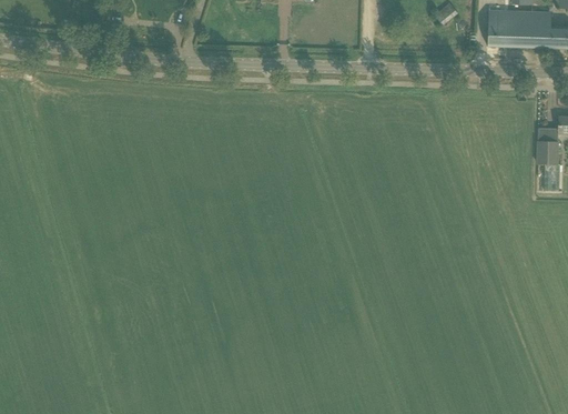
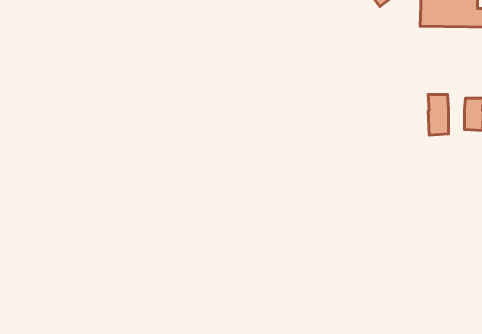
building: none -> [428,94,449,135]

